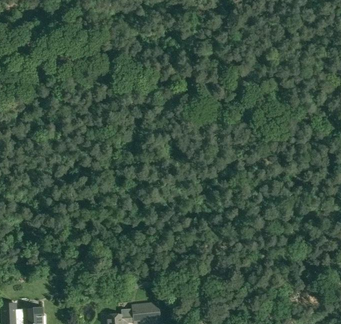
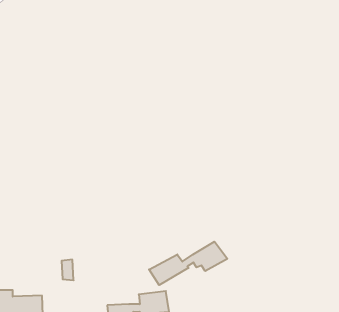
building: none -> [149,242,227,285]

